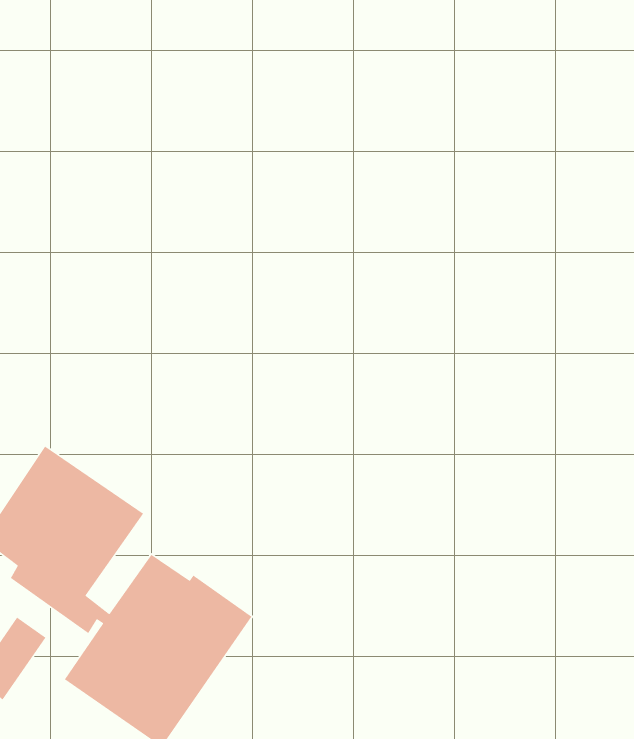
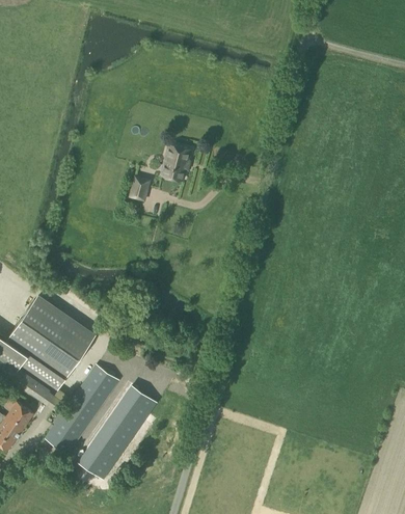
building: none -> [165,142,191,179]
building: none -> [129,173,153,200]

